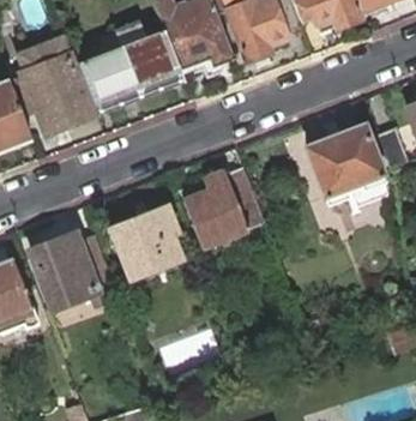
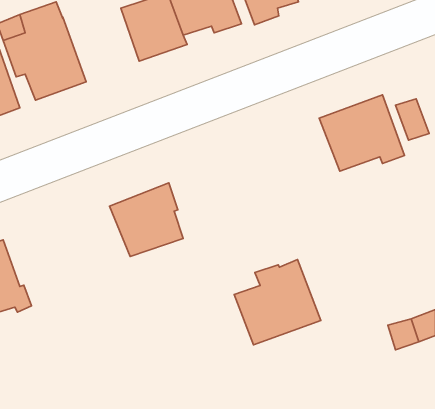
building: [80,44,140,109] -> none
building: [186,166,266,245] -> [234,260,321,345]
building: [34,235,114,303] -> none

